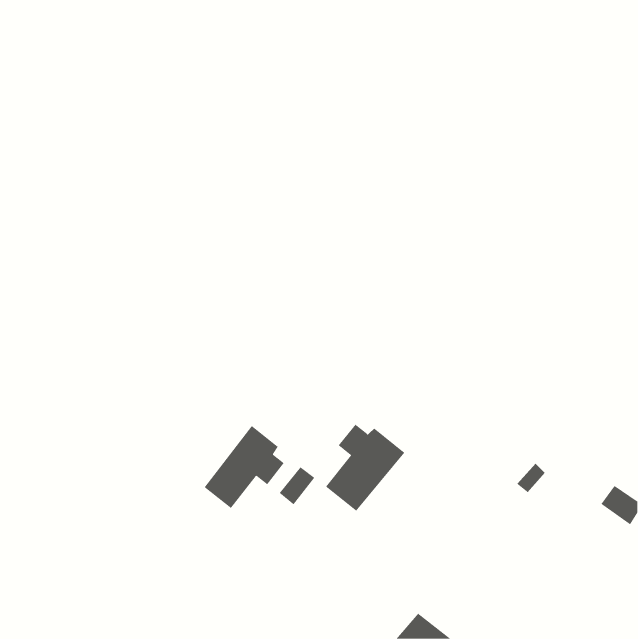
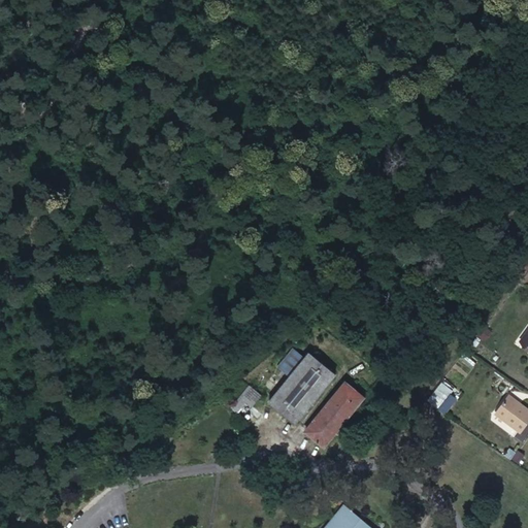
building: [204,425,284,509] -> none
building: none -> [304,382,362,447]

